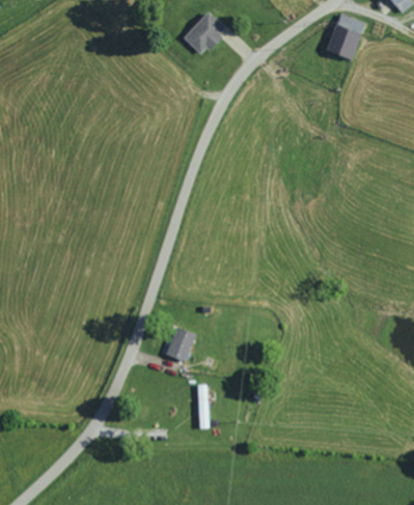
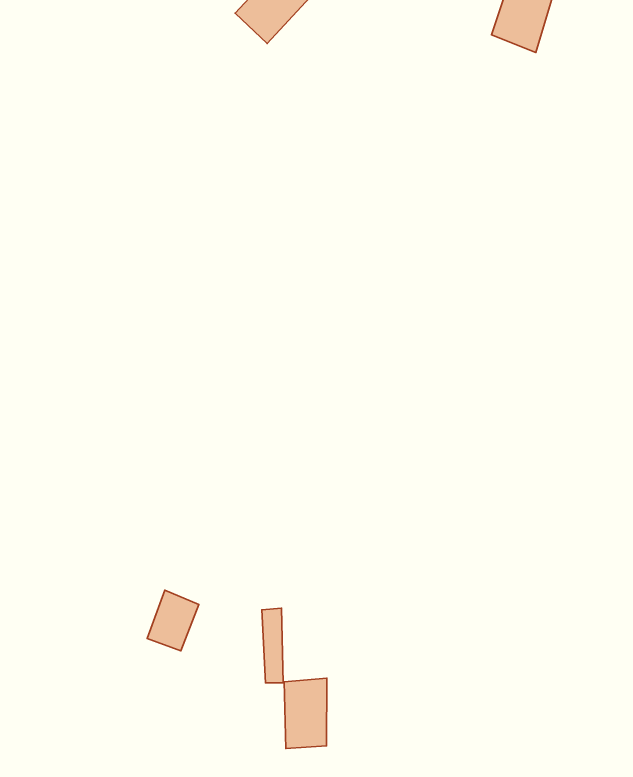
building: [164,327,194,362] -> [147,590,199,651]
building: none -> [284,678,327,748]

